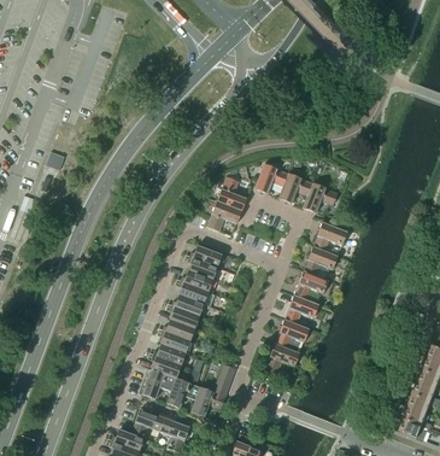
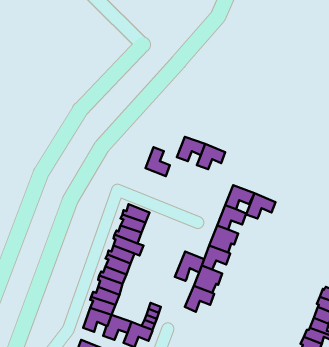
building: [303,183,338,214] -> [246,193,275,218]
building: [206,203,241,232] -> none
building: none -> [175,252,204,281]

